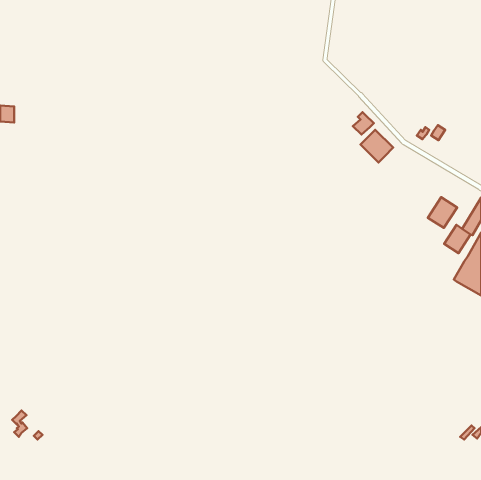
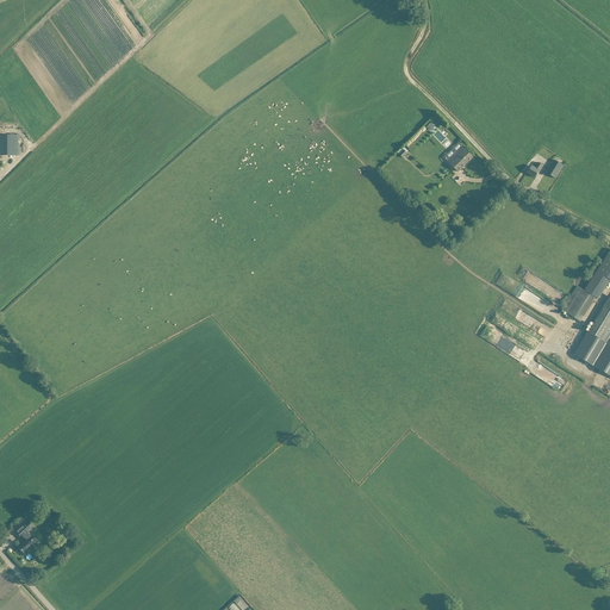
building: [361,130,393,163] -> none
building: [428,197,457,228] -> none

